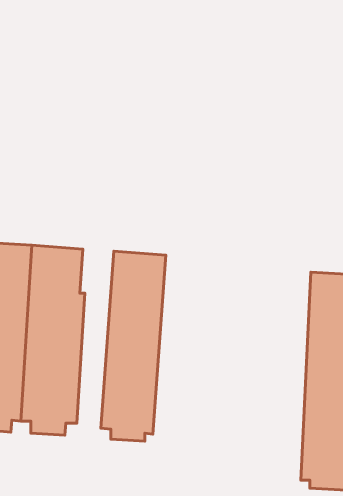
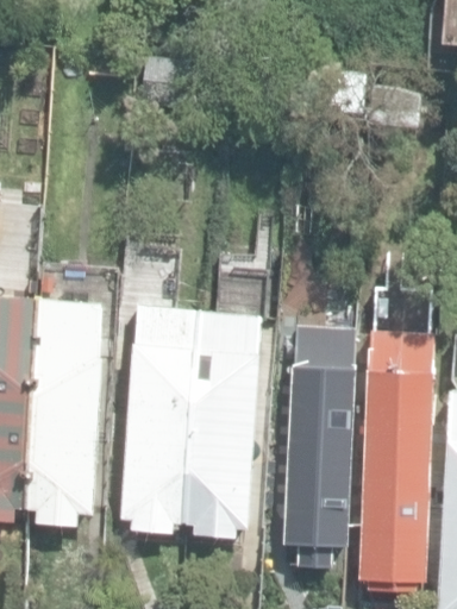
building: none -> [183,312,259,536]
building: none -> [281,327,356,555]

